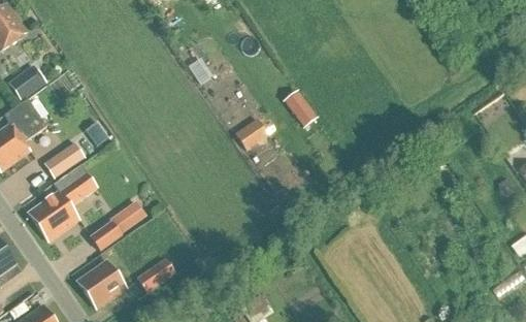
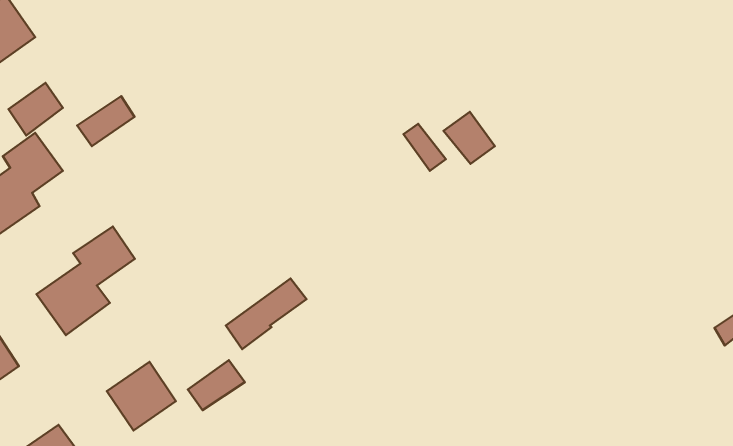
building: none -> [443,112,495,164]
building: [237,118,269,149] -> none
building: [43,142,84,178] -> [77,96,134,146]
building: [90,201,146,251] -> [226,279,307,349]

